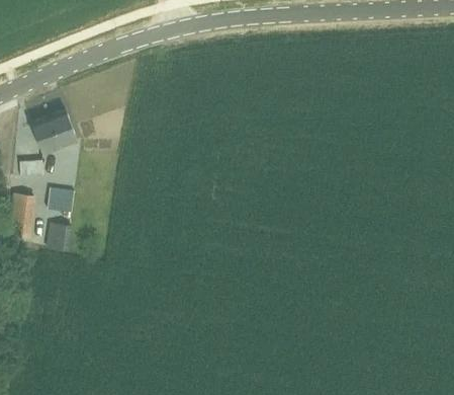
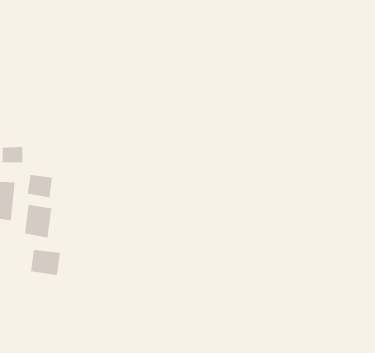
building: [29,110,76,155] -> none
building: none -> [31,249,60,276]

